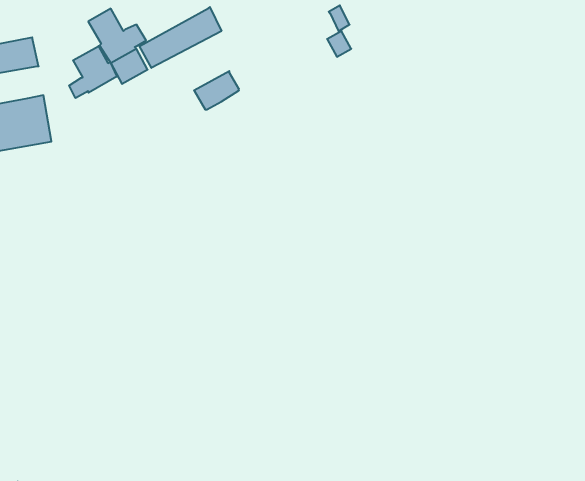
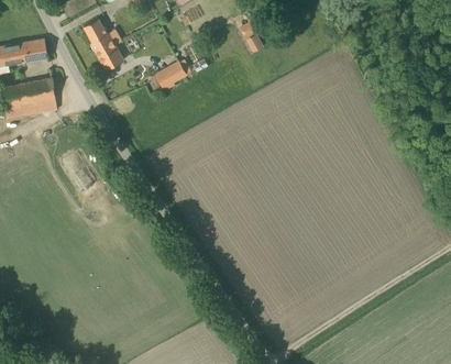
building: [139,7,221,68] -> none
building: [69,46,117,98] -> none

